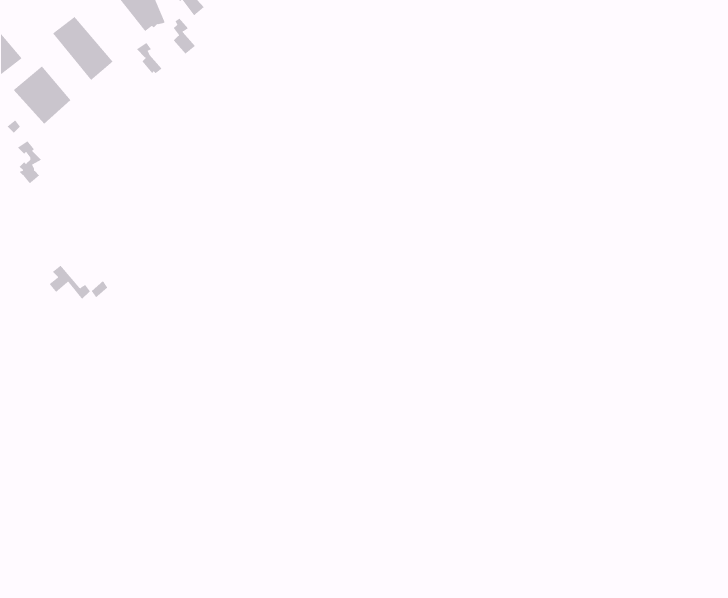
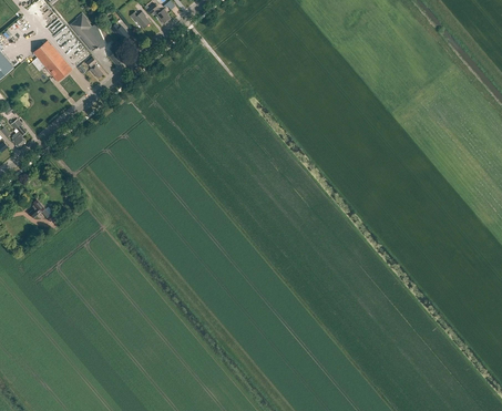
building: [13,65,71,124] -> none

